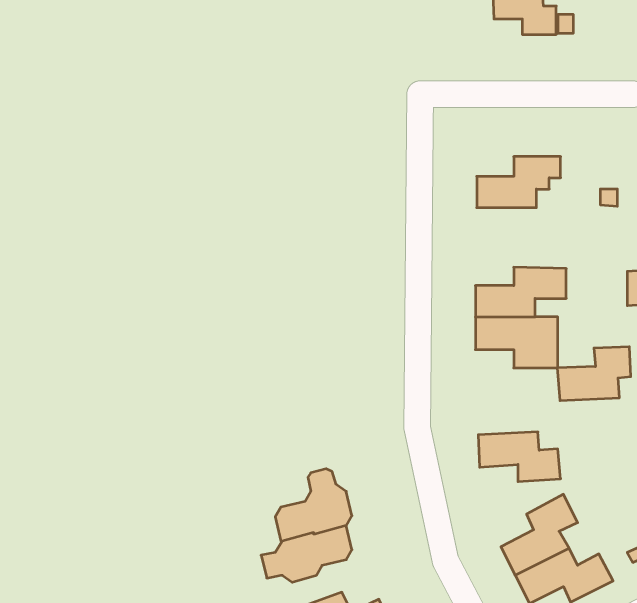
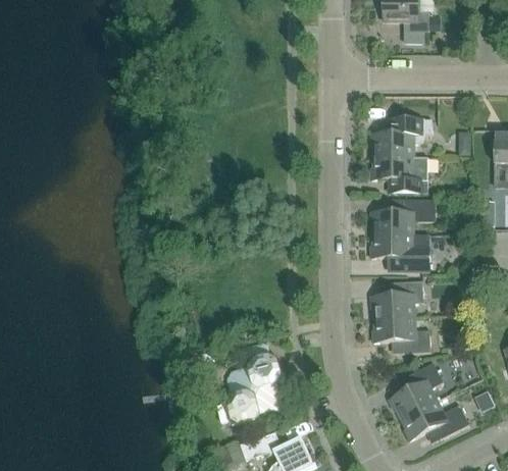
building: none -> [371,156,427,193]
building: [557,347,631,401] -> [370,280,423,319]

